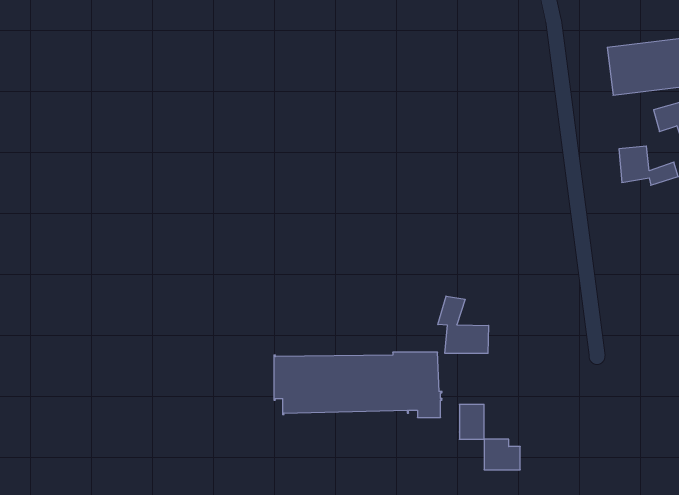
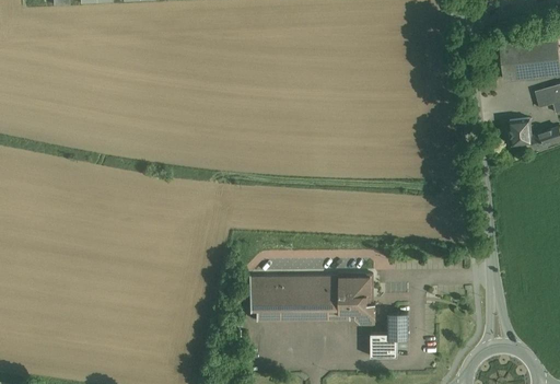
building: [438,296,489,353] -> none
building: [484,439,520,470] -> [371,334,398,357]

